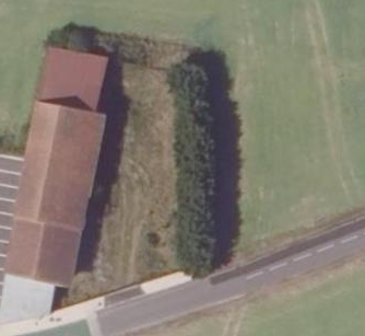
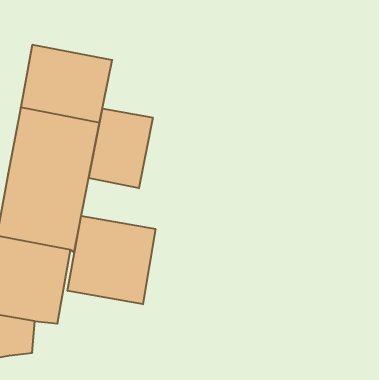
building: none -> [89,108,153,188]
building: none -> [68,216,155,304]

